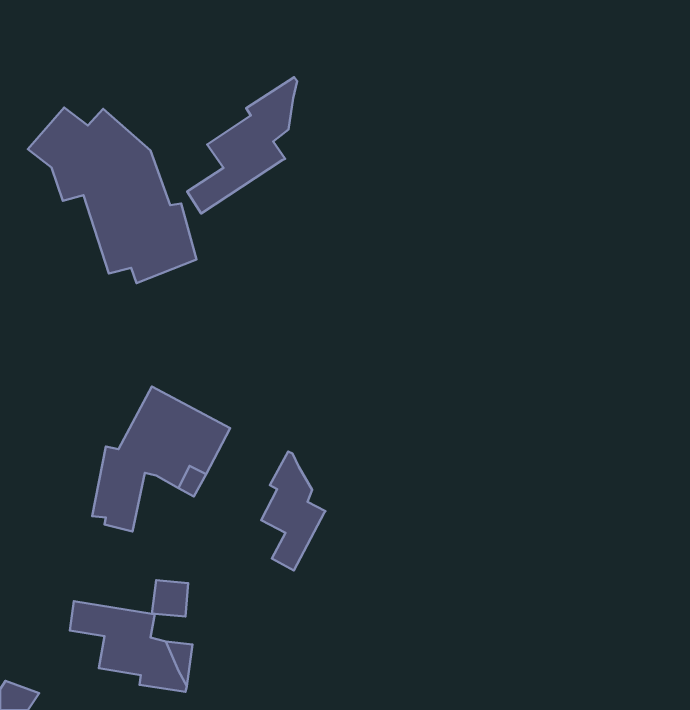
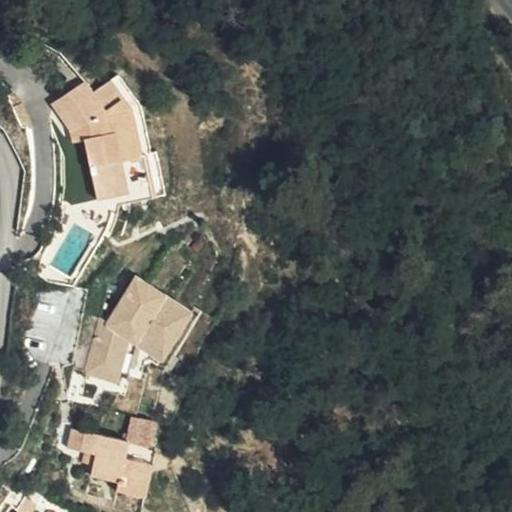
building: [187,77,297,214] -> none
building: [261,452,326,570] -> none

